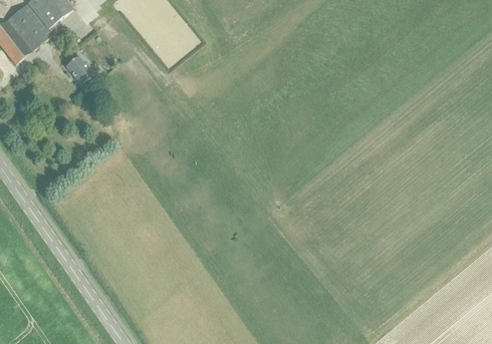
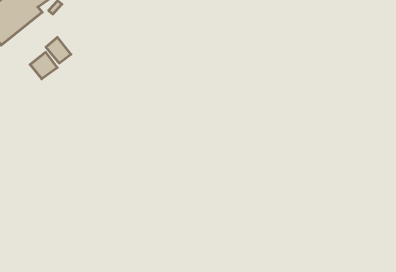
building: none -> [30,52,57,79]

